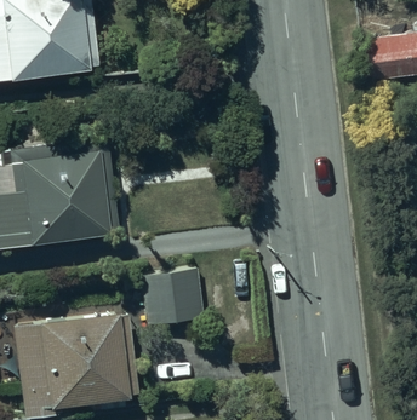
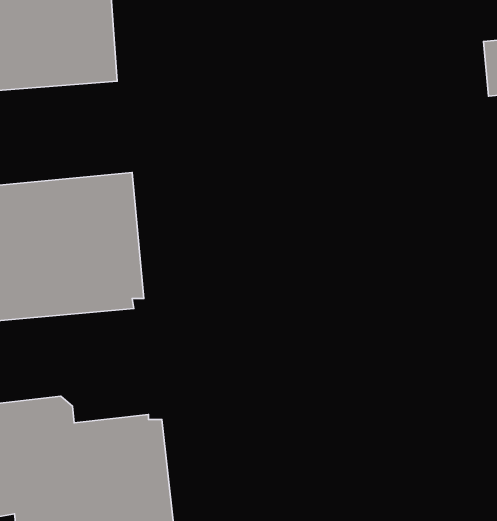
building: [143,275,205,328] -> none

